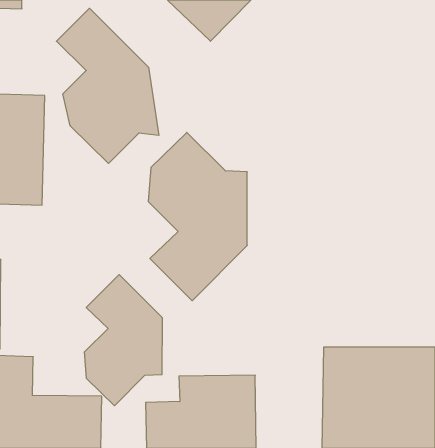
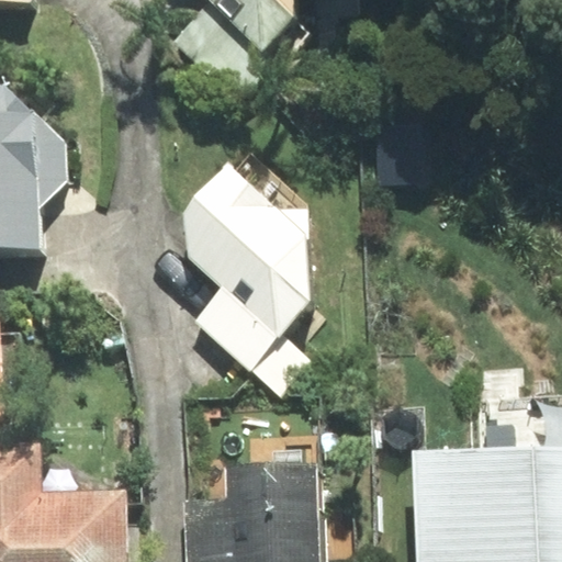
building: [56,8,159,163] -> none
building: [85,275,162,406] -> none

